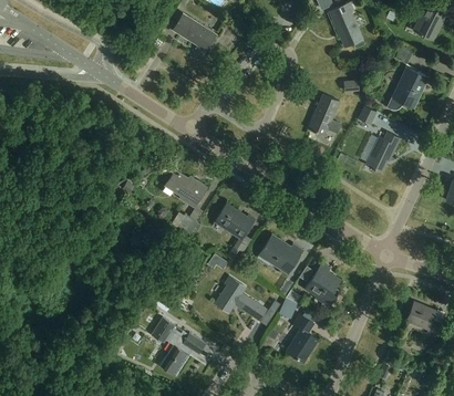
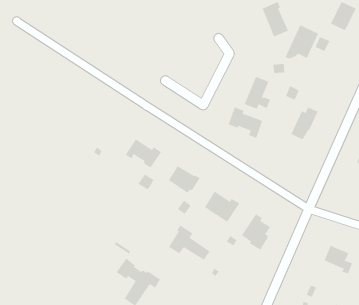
building: [173,13,216,53] -> none
building: [386,66,429,108] -> [285,24,319,59]
building: none -> [228,106,263,139]
building: [287,314,318,362] -> none

